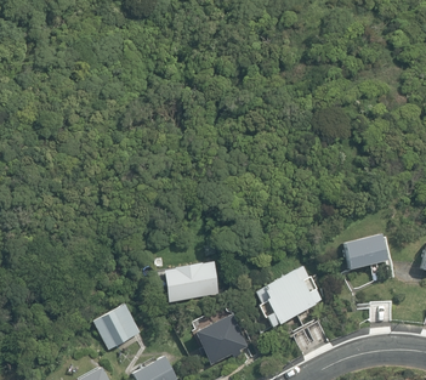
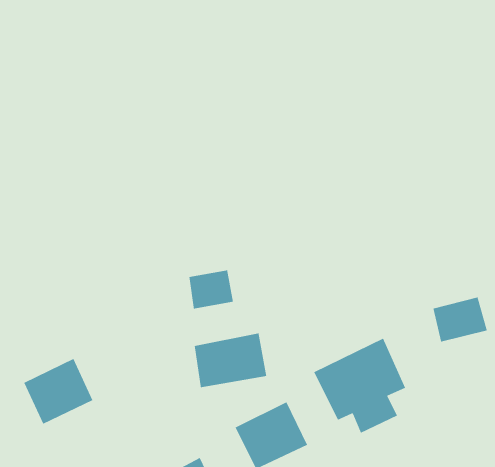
building: none -> [188,270,234,310]
building: [91,302,143,352] -> [23,358,94,425]

